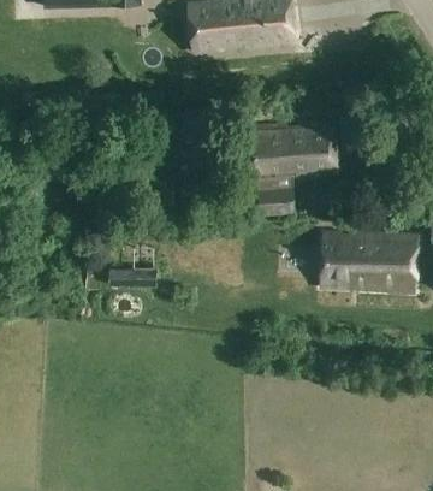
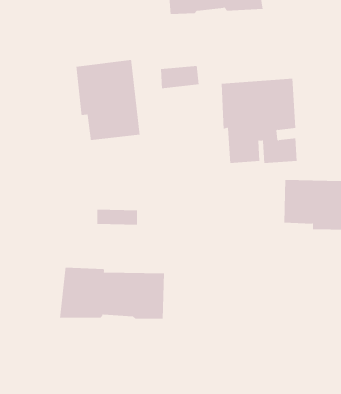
building: none -> [76,59,140,141]
building: none -> [60,267,164,319]

